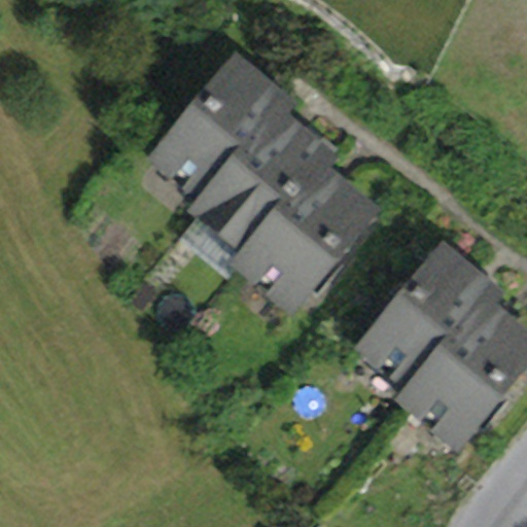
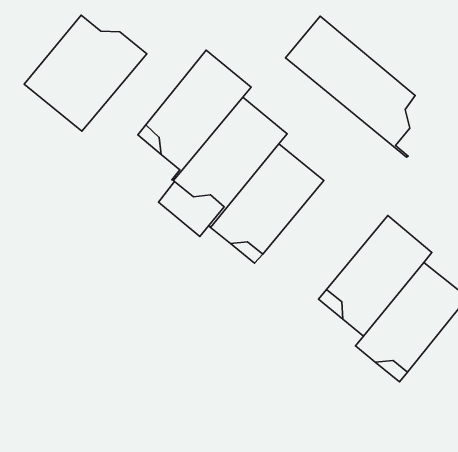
building: none -> [24,15,147,131]
building: none -> [286,16,415,157]

